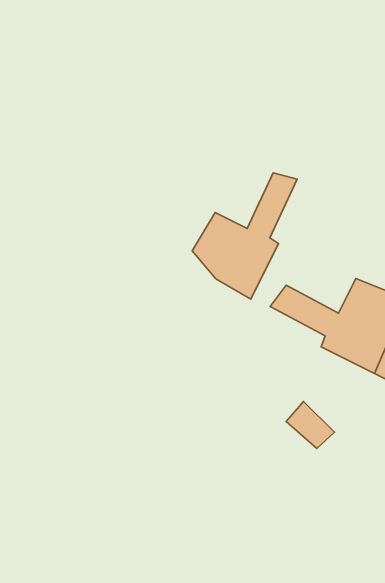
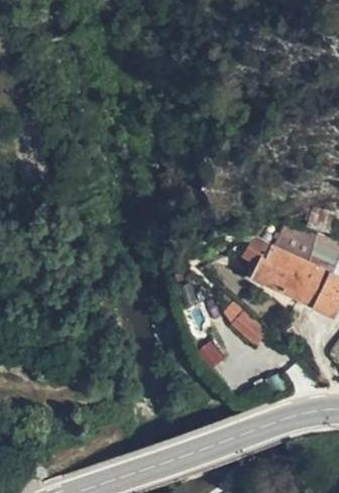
building: [192,173,297,299] -> none

